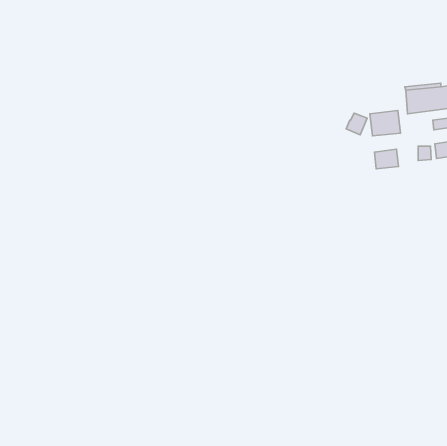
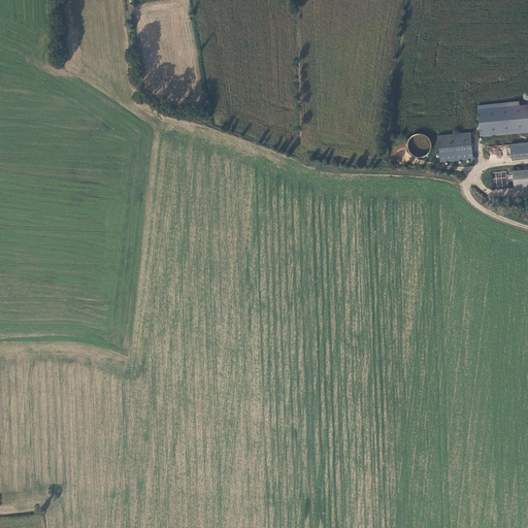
building: [374,149,398,169] -> none

